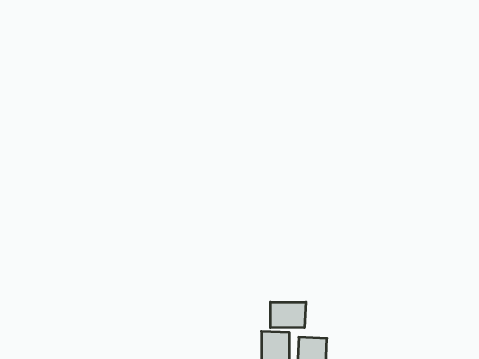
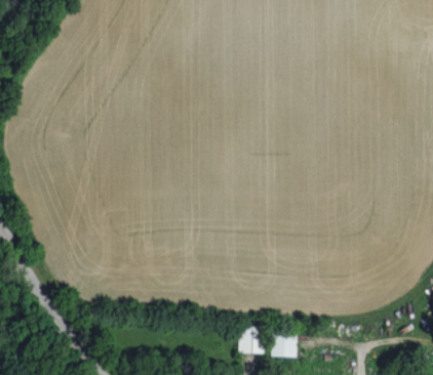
building: [270,302,306,328] -> none

